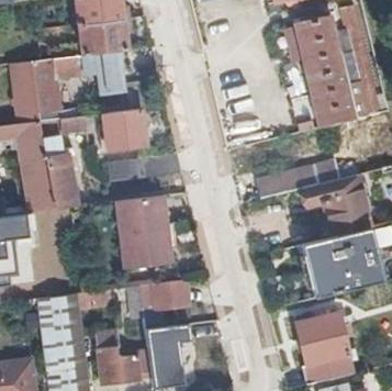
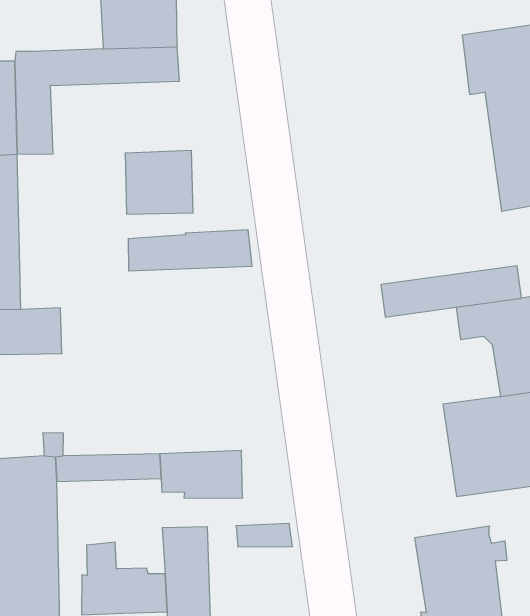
building: [40,115,86,211] -> none
building: [116,196,172,269] -> none

